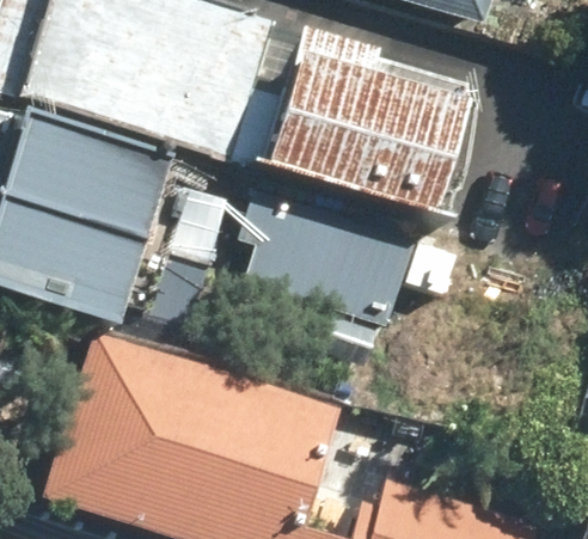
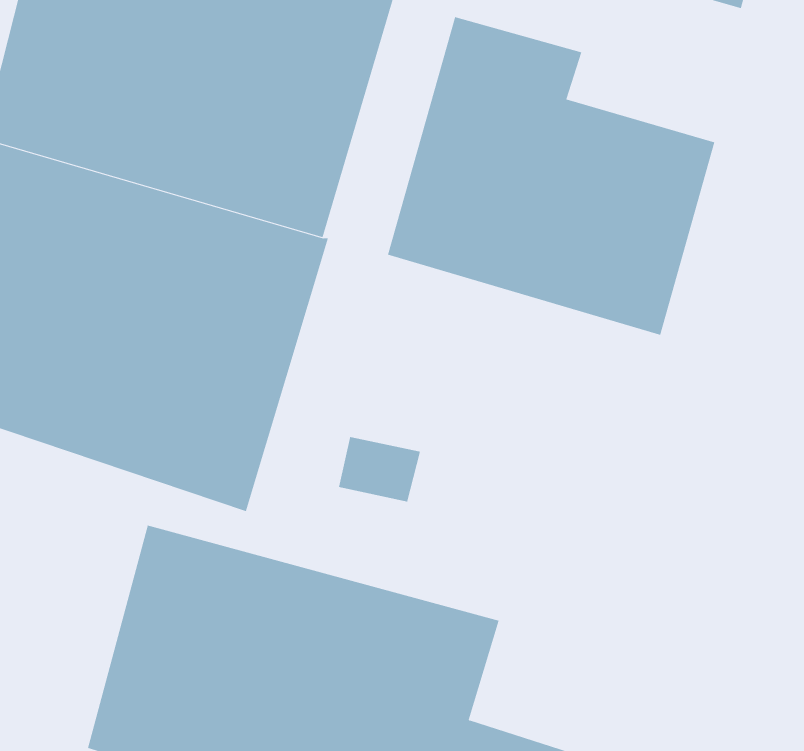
building: [243,196,418,326] -> none

